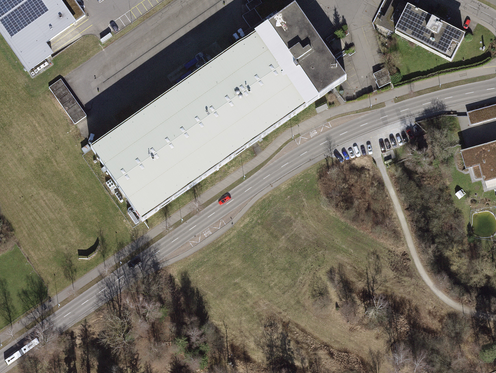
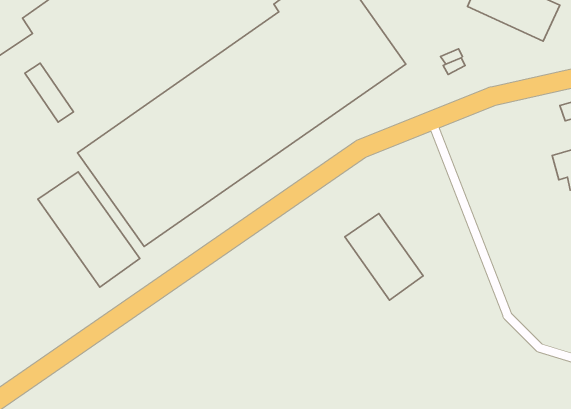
building: none -> [38,172,140,287]
building: none -> [345,214,423,300]

